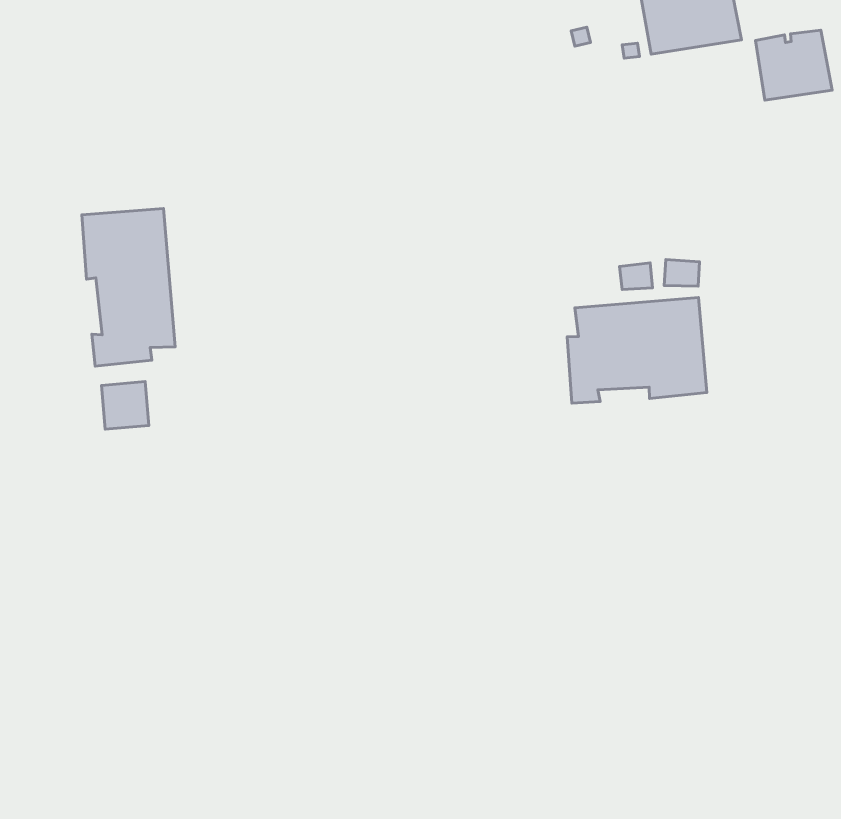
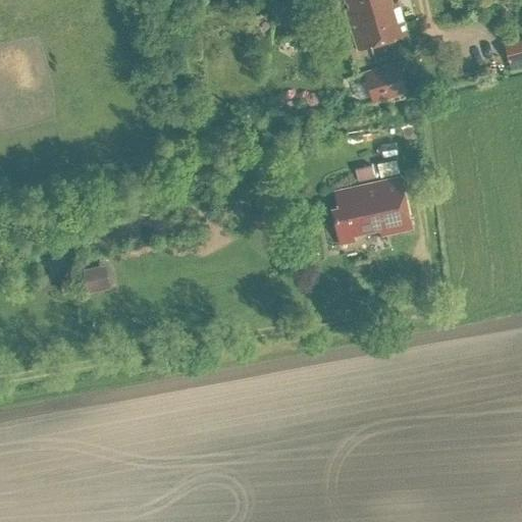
building: [756,30,832,100] -> [364,61,409,103]
building: [82,209,175,366] -> none

